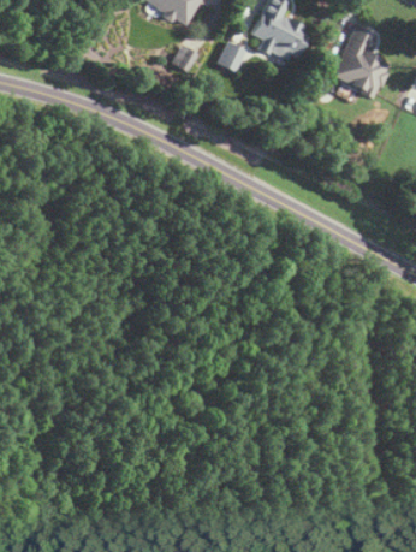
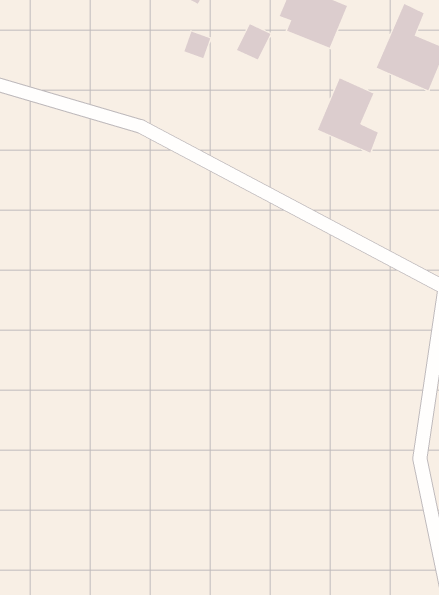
building: none -> [317,77,379,153]

